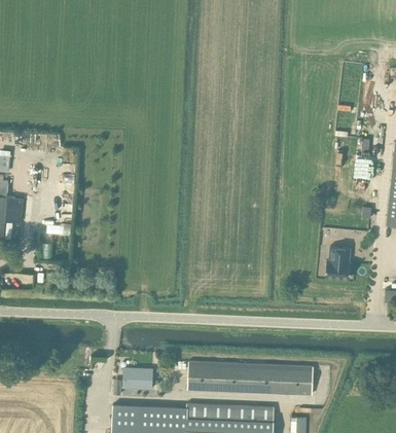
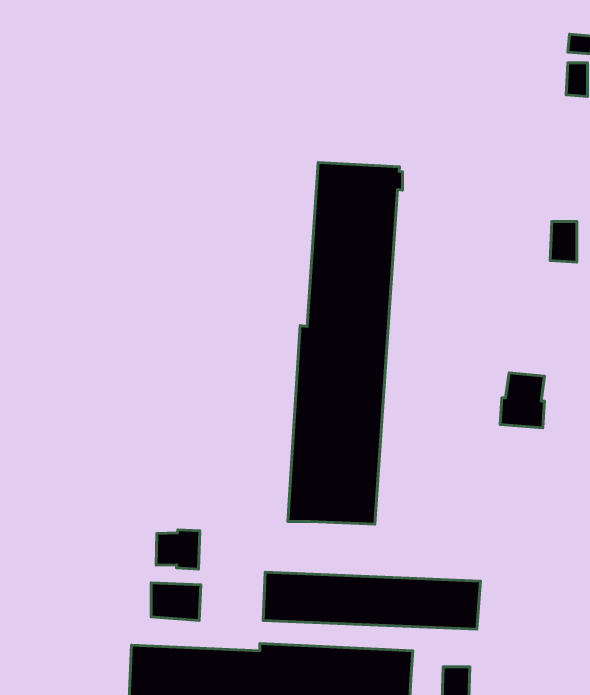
building: none -> [288,163,403,524]
building: none -> [156,530,200,569]

